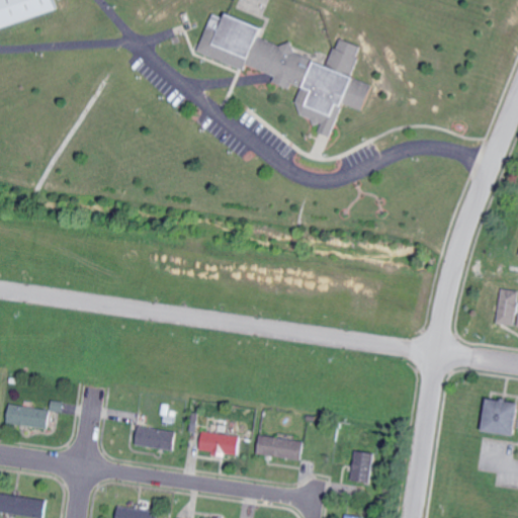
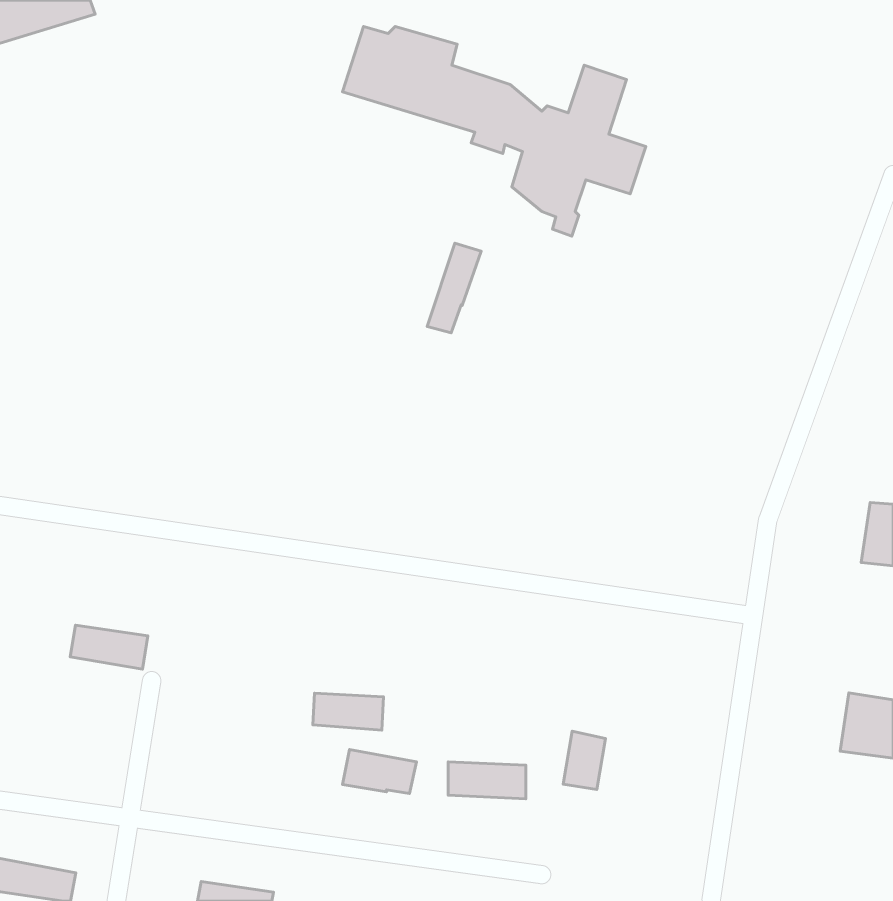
building: none -> [427,243,481,333]
building: [4,404,49,429] -> [70,625,148,669]
building: [134,428,174,449] -> [313,693,383,730]
building: [349,450,373,484] -> [563,731,606,789]

